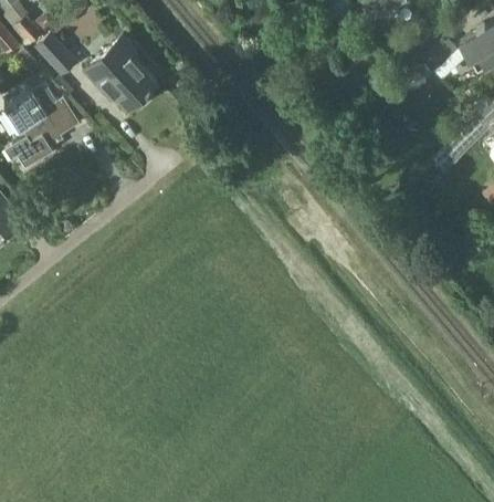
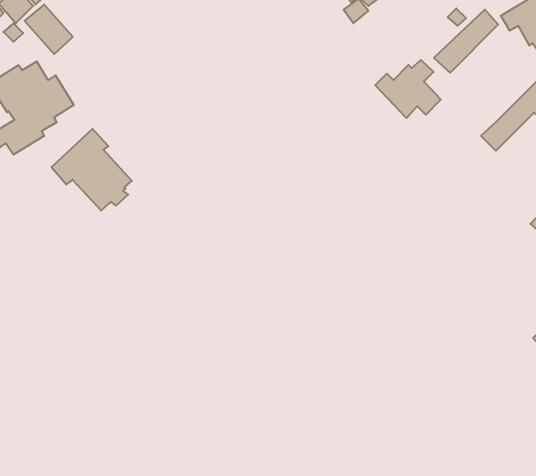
building: [83,36,155,109] -> [52,129,132,211]
building: none -> [375,60,441,118]

